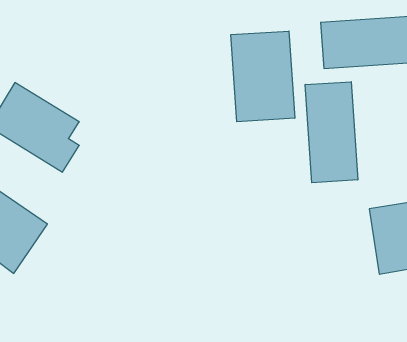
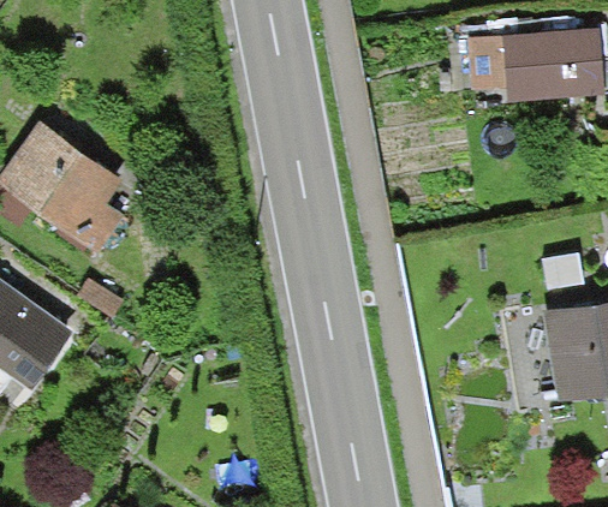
building: [231,31,295,122] -> none
building: [305,82,358,183] -> none

